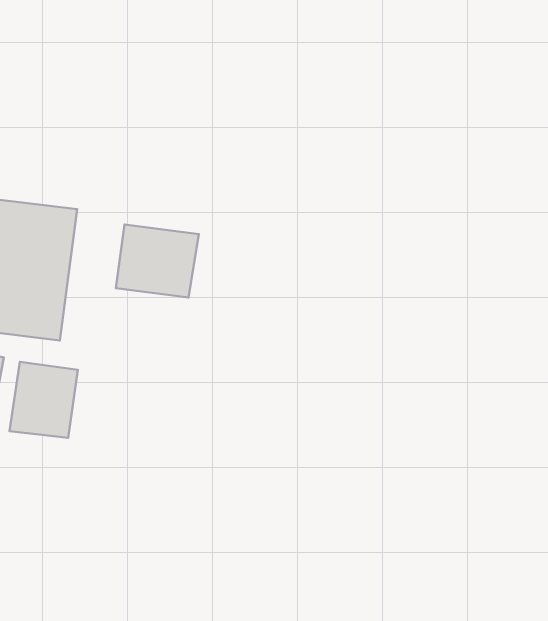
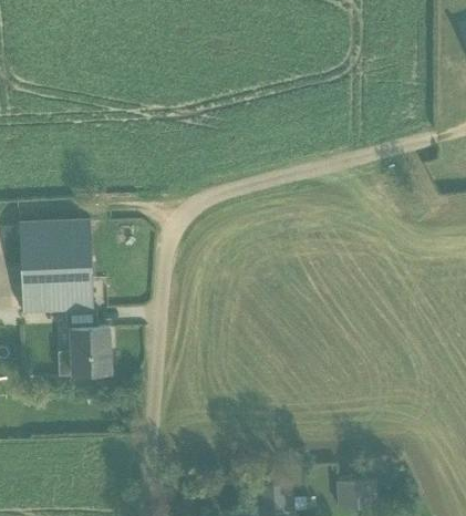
building: [116,224,199,298] -> none

